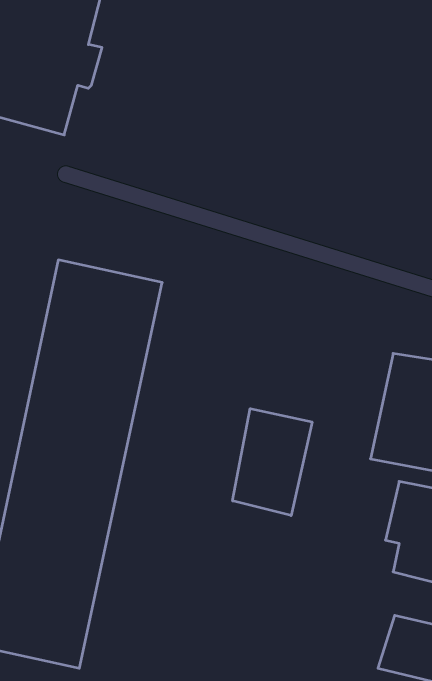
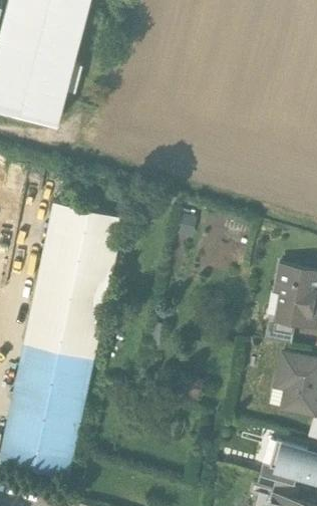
building: [233,409,312,516] -> none

